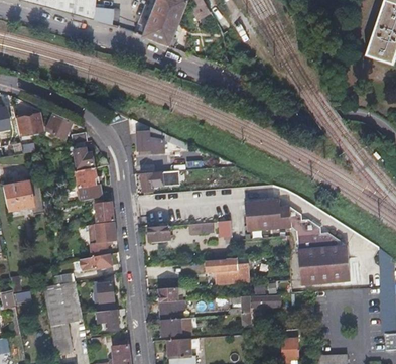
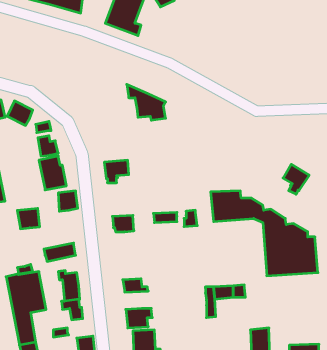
building: [127,118,165,153] -> [127,84,166,120]
building: none -> [283,164,309,194]
building: [94,221,116,241] -> [17,208,40,229]
building: [205,258,249,284] -> none
building: [159,298,192,318] -> none

